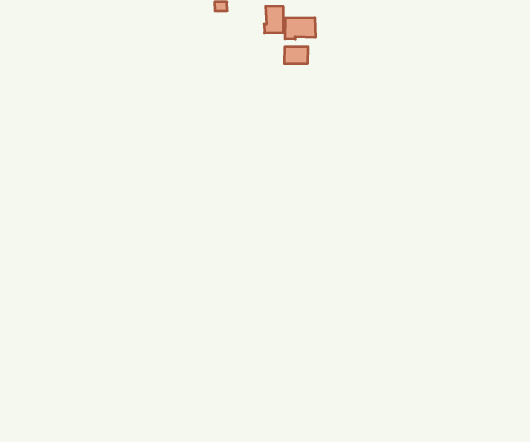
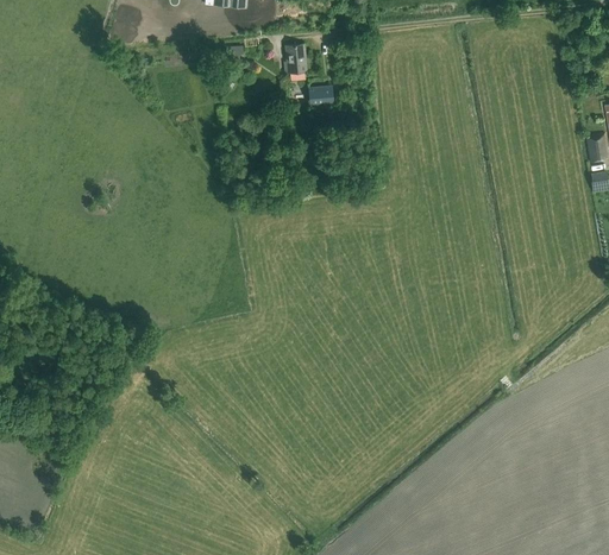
building: [285,18,315,39] -> none

